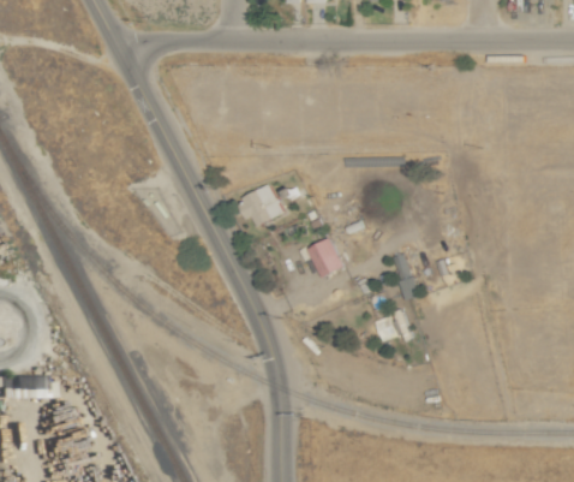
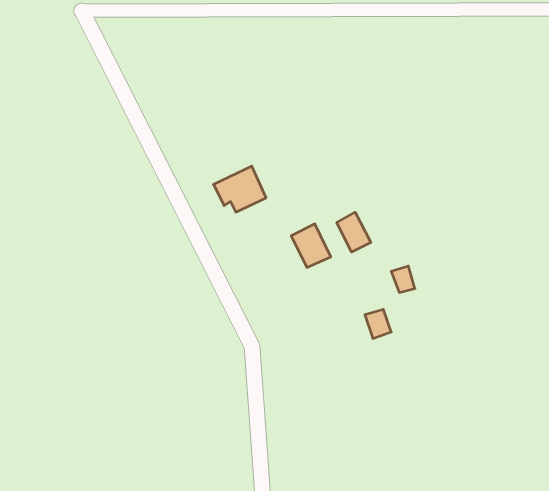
building: none -> [337,212,371,252]

